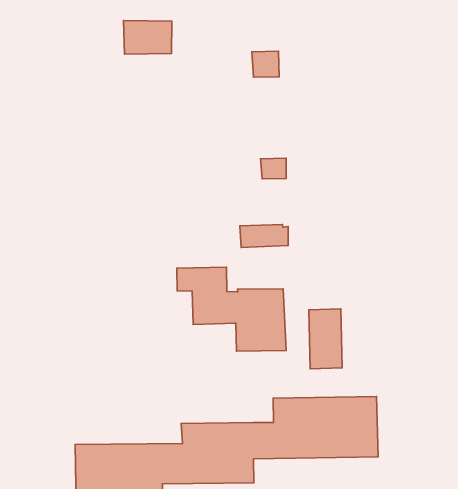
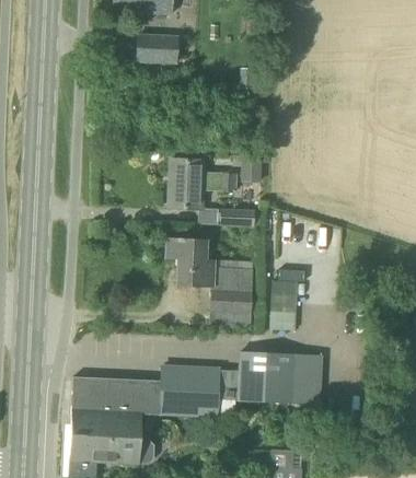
building: none -> [167,160,238,209]

